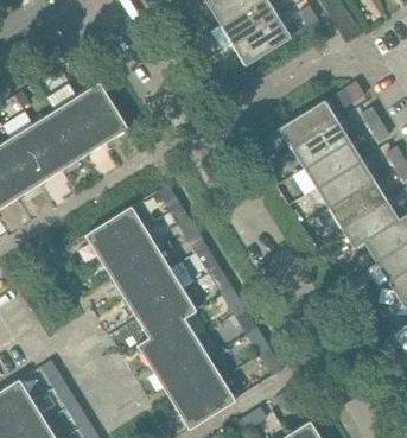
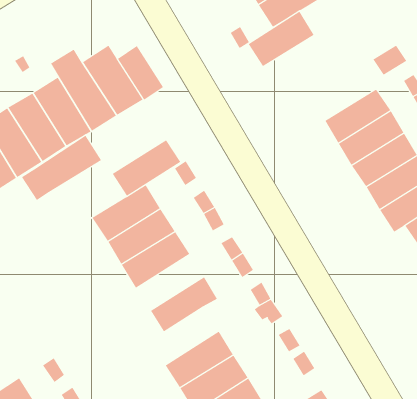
building: none -> [117,45,164,101]
building: [279,99,338,148] -> [248,11,315,67]
building: none -> [21,135,102,201]
building: [123,267,185,318] -> [112,139,181,197]
building: [136,315,198,367] -> none

